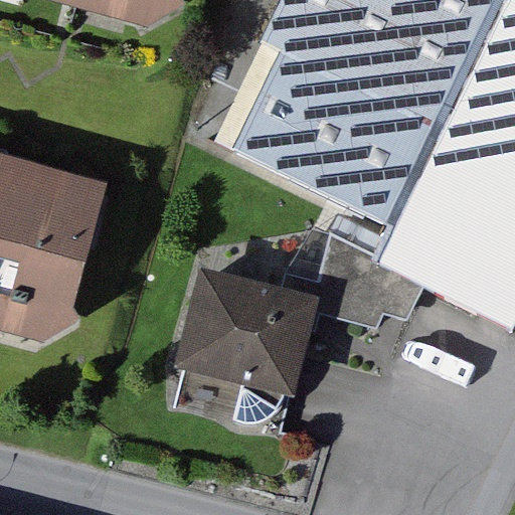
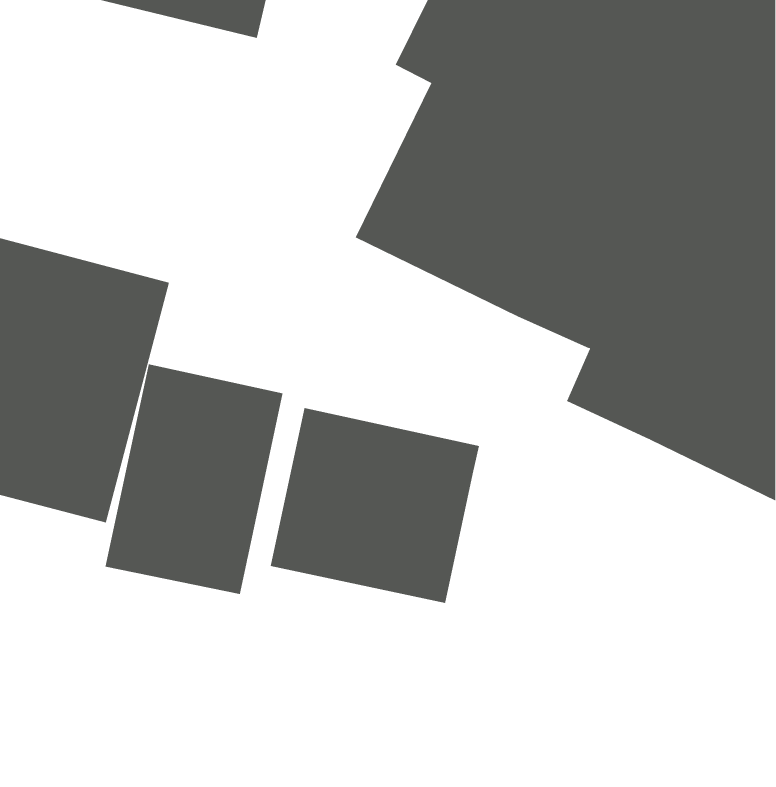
building: [309,206,423,328] -> none
building: none -> [105,363,283,595]

